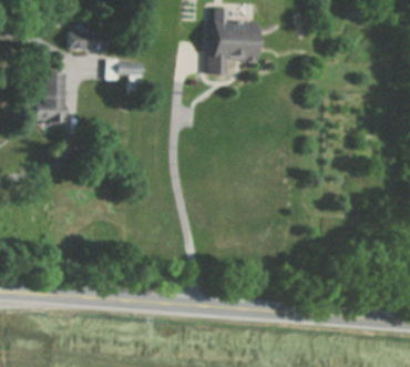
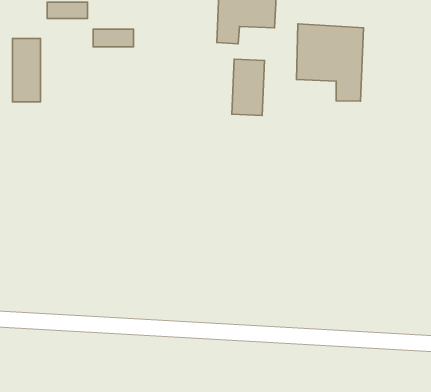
building: none -> [296,24,364,101]
building: none -> [232,59,264,116]

